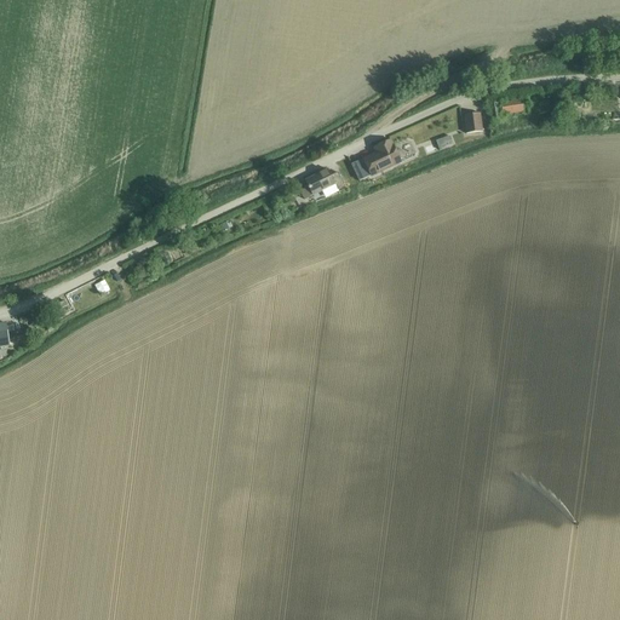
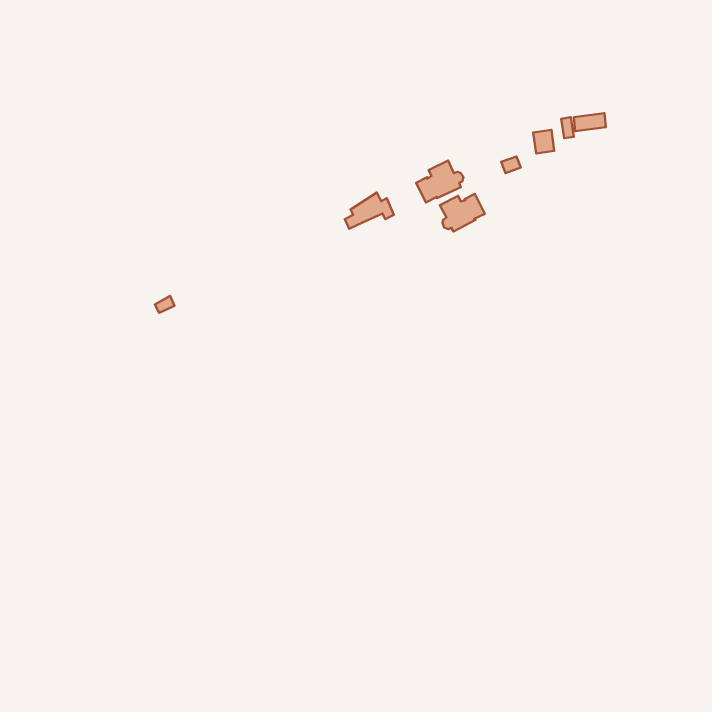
building: none -> [440,194,485,232]

